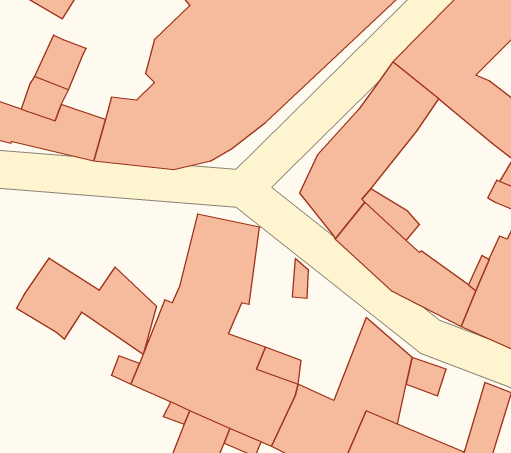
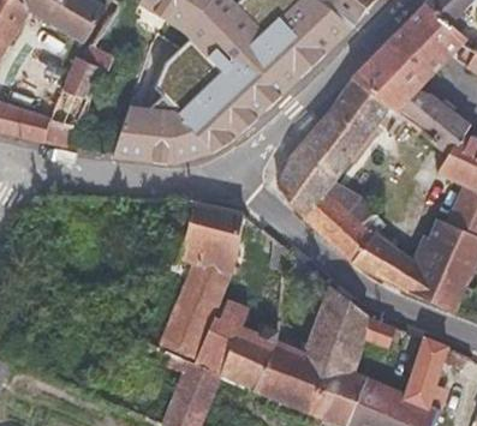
building: [16,258,157,354] -> none

